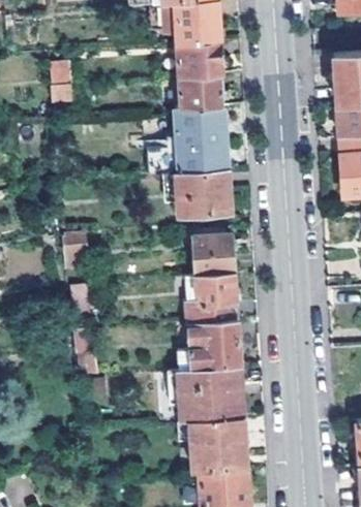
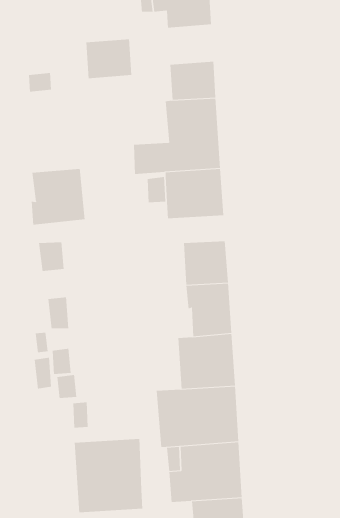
building: [178,40,220,76] -> [85,39,132,79]
building: none -> [31,168,85,226]
building: none -> [74,438,143,513]

